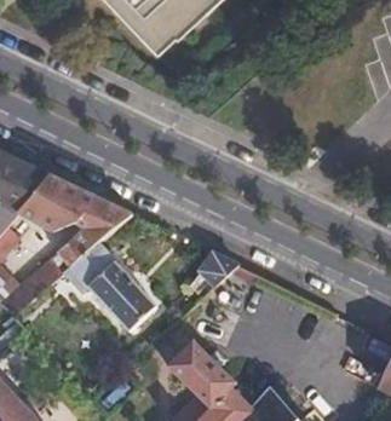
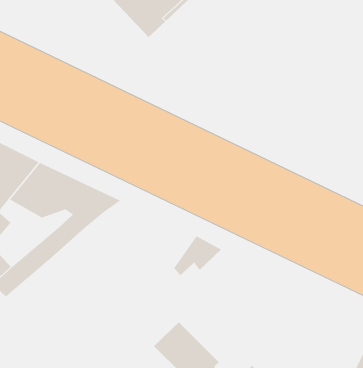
building: [63,242,155,331] -> none

